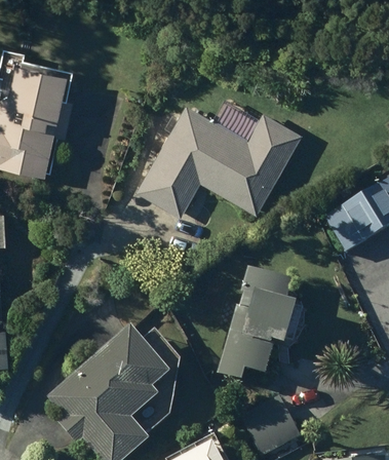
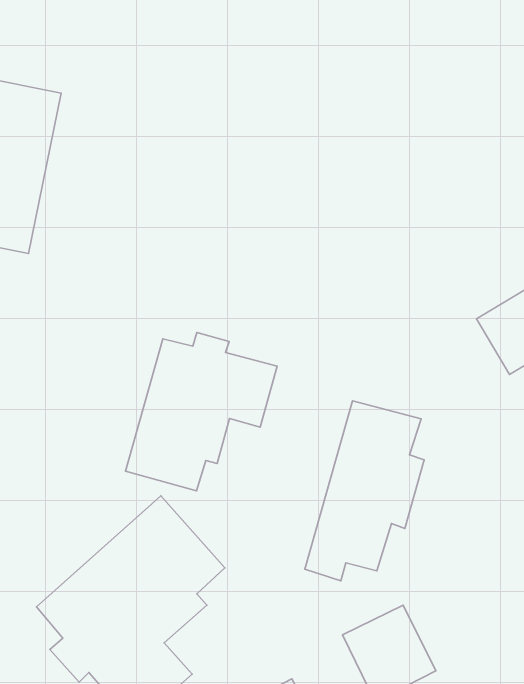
building: [138,105,302,217] -> none
building: none -> [125,332,277,491]

